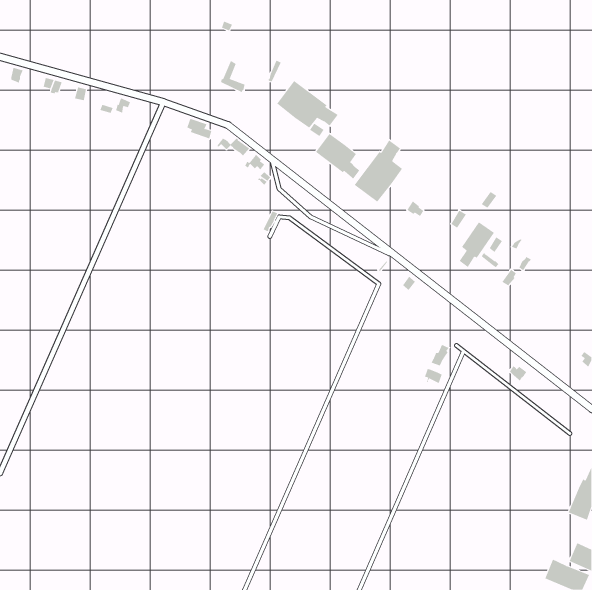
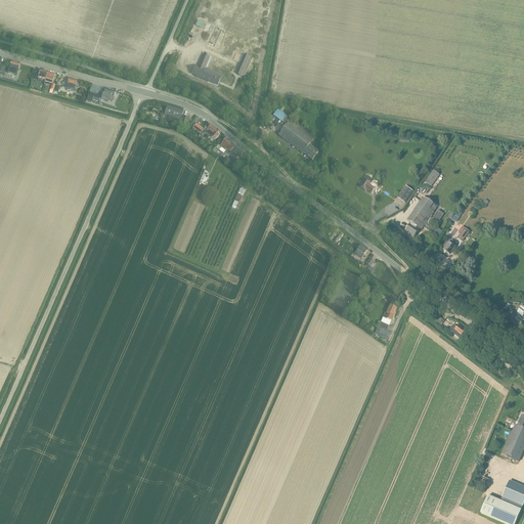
building: [276,80,338,129] -> none
building: [354,139,403,203] -> none

